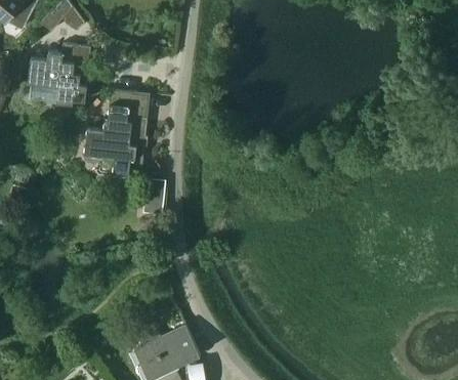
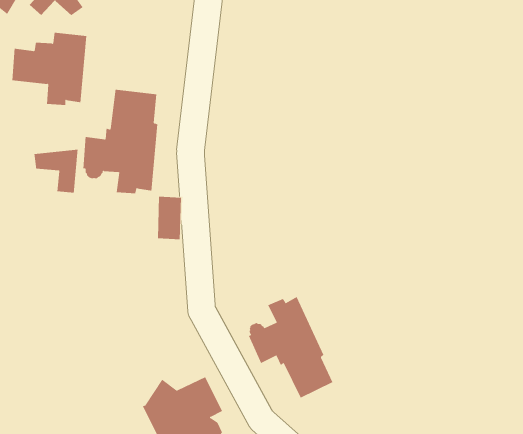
building: none -> [34,149,78,194]
building: none -> [248,296,333,399]

